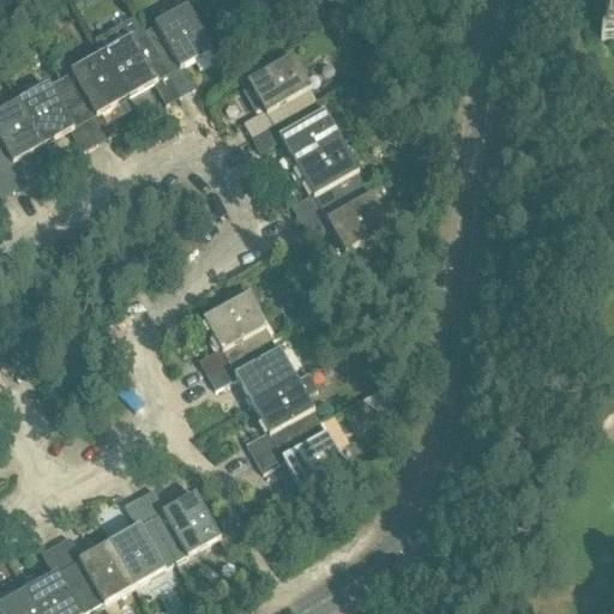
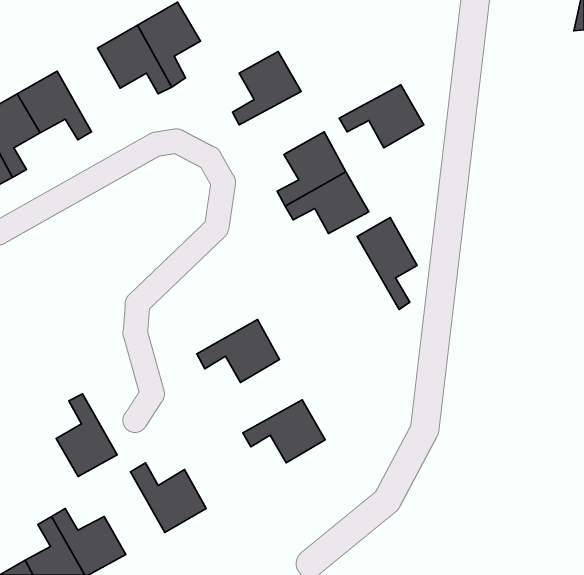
building: [60,50,126,138] -> none
building: [251,96,339,162] -> [339,85,424,148]
building: none -> [357,218,417,309]
building: [198,281,270,371] -> none
building: [246,369,317,453] -> none
building: [109,494,173,580] -> [56,394,117,476]

